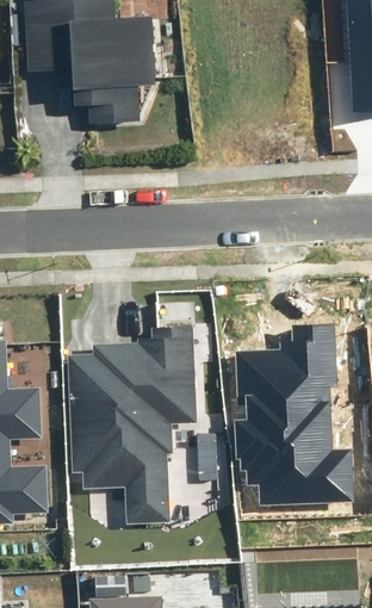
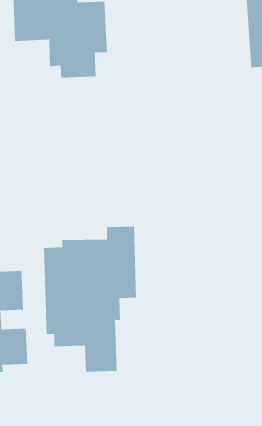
building: [231,324,351,505] -> none

